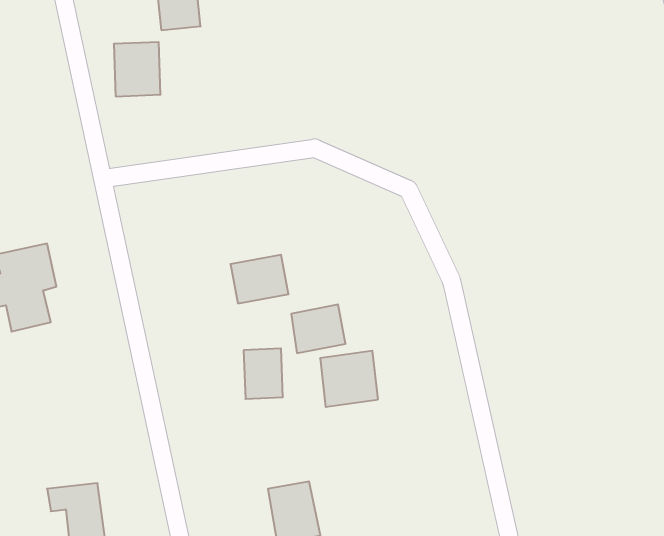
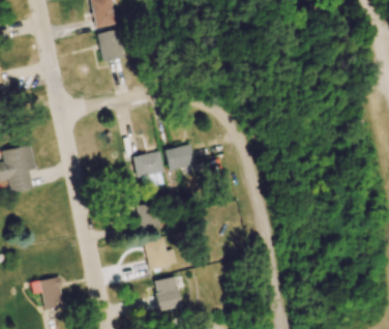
building: [114,42,161,96] -> [99,30,125,60]
building: [291,304,346,353] -> [166,144,196,171]
building: [320,351,378,407] -> [145,238,177,269]

